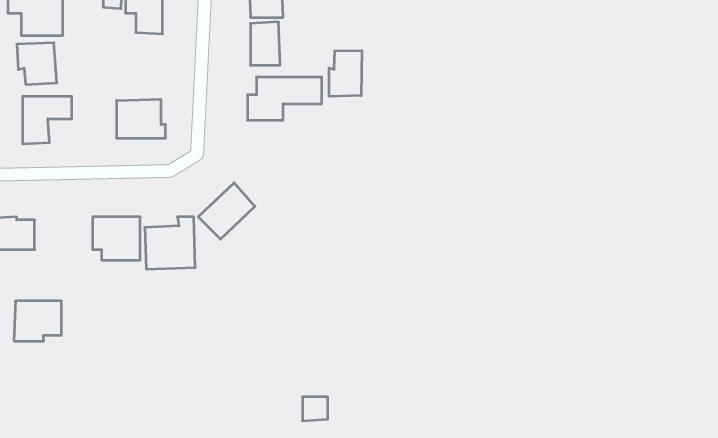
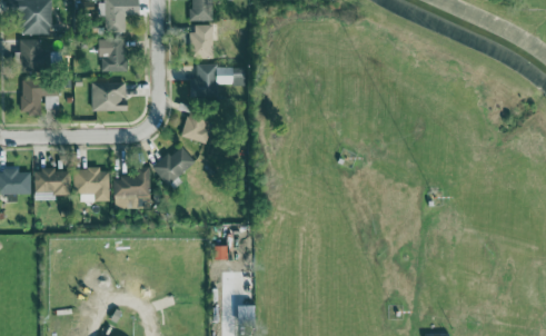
building: none -> [99,39,126,71]
building: [329,51,362,96] -> none
building: none -> [182,110,210,142]
building: [14,301,61,341] -> [33,169,69,199]

